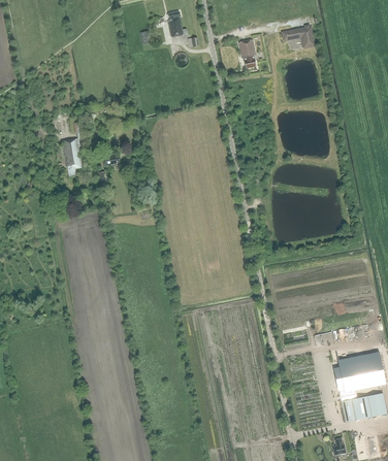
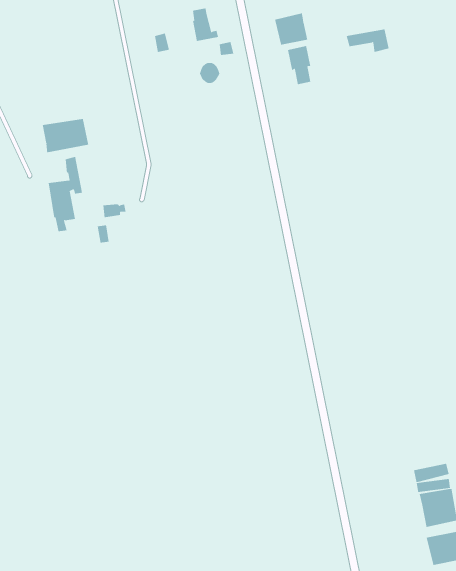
building: none -> [275,12,308,45]
building: none -> [42,118,89,153]

